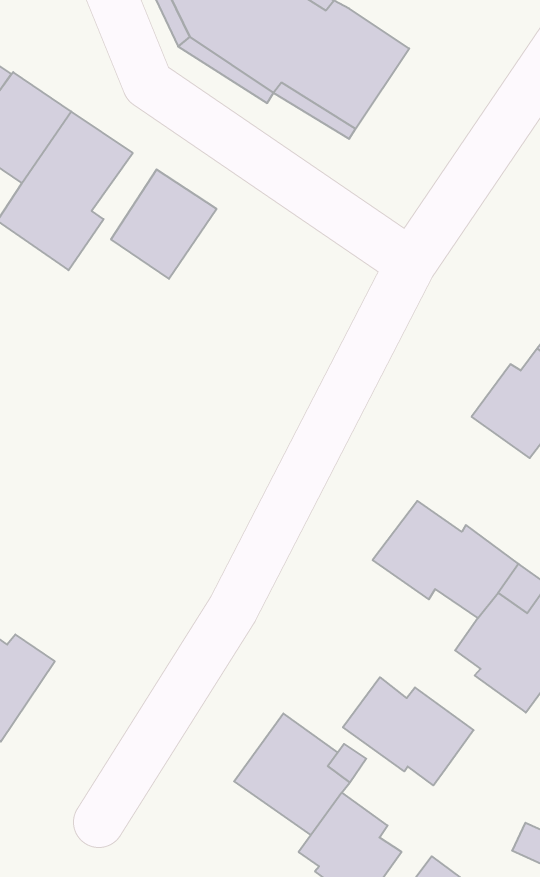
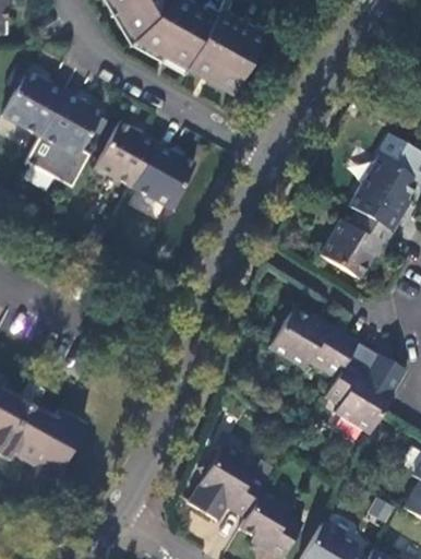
building: none -> [132,143,195,209]
building: [343,677,474,785] -> none

